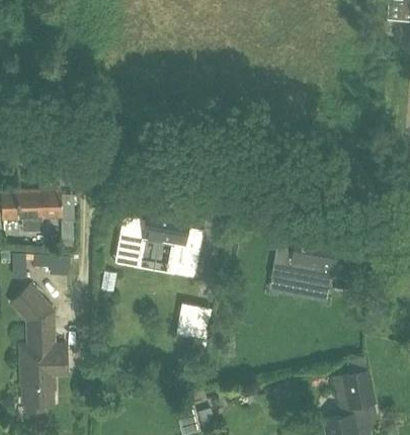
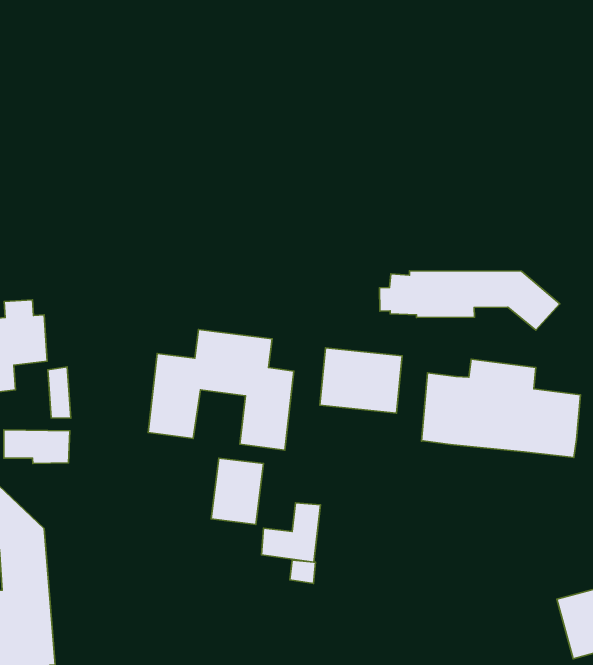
building: none -> [379,271,560,330]
building: none -> [320,348,402,413]
building: none -> [211,458,263,524]

